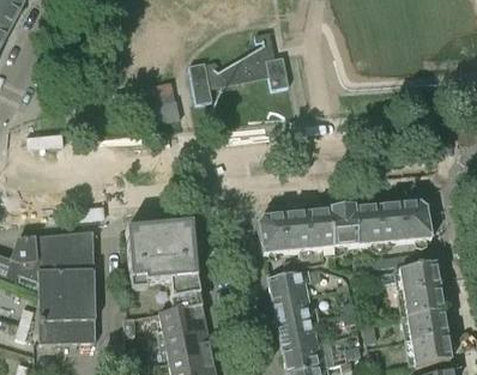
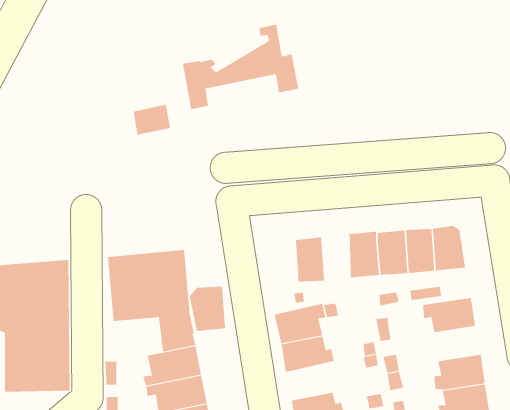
building: [308,211,332,249] -> none
building: [256,214,288,253] -> [189,286,226,331]
building: [397,288,443,317] -> none
building: [277,317,320,351] -> none

